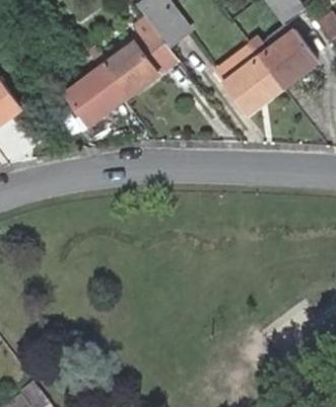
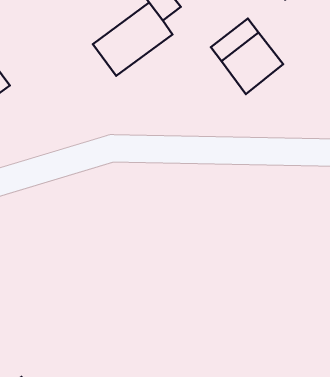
building: [259,30,317,87] -> none
building: [65,68,123,125] -> none

